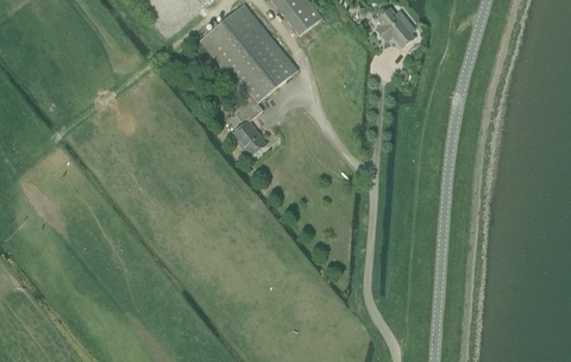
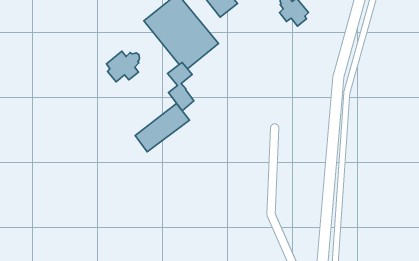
building: none -> [107,51,140,82]
building: none -> [135,104,189,152]

